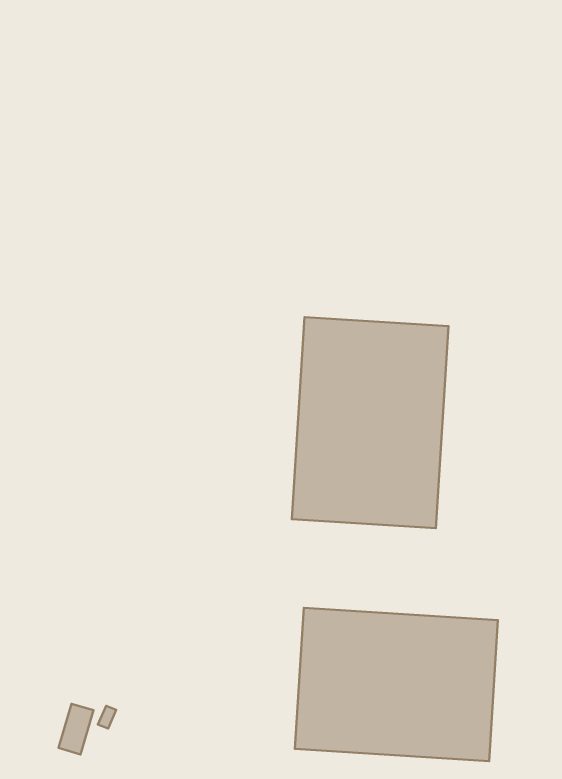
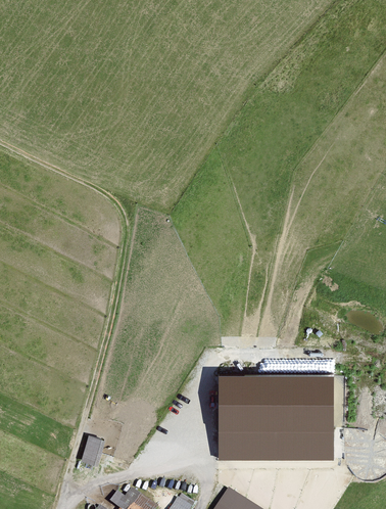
building: [292,317,449,528] -> none

